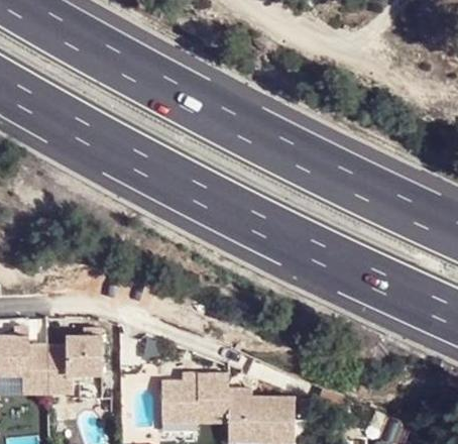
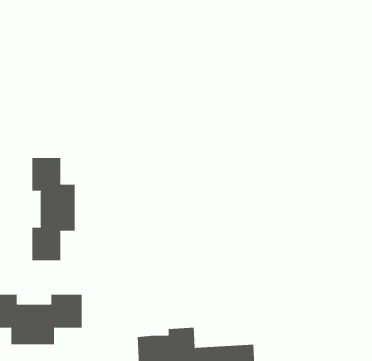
building: none -> [32,157,75,261]

